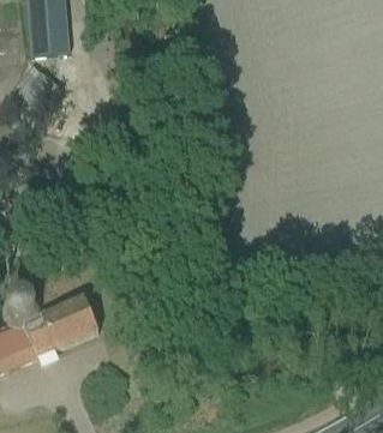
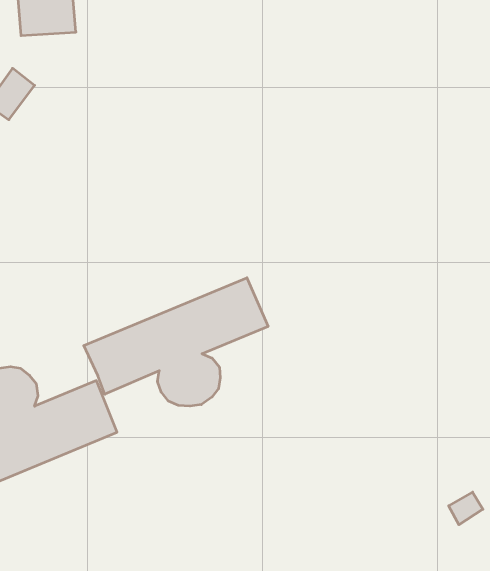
building: none -> [84,278,268,406]

